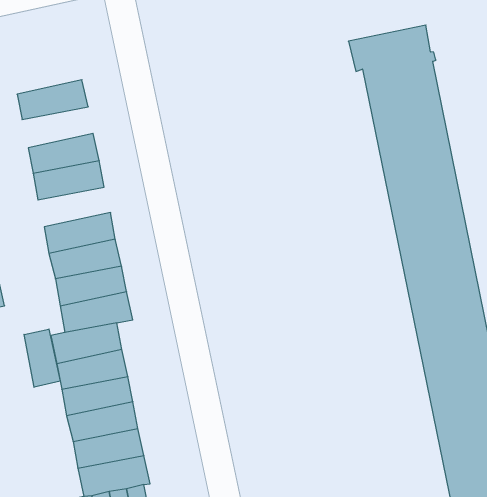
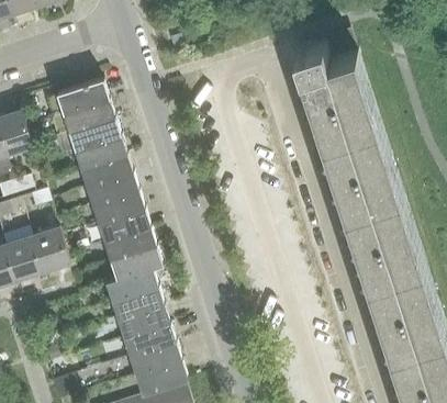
building: none -> [55,78,107,112]
building: none -> [67,115,119,149]
building: none -> [85,171,137,204]
building: [24,329,60,387] -> none

